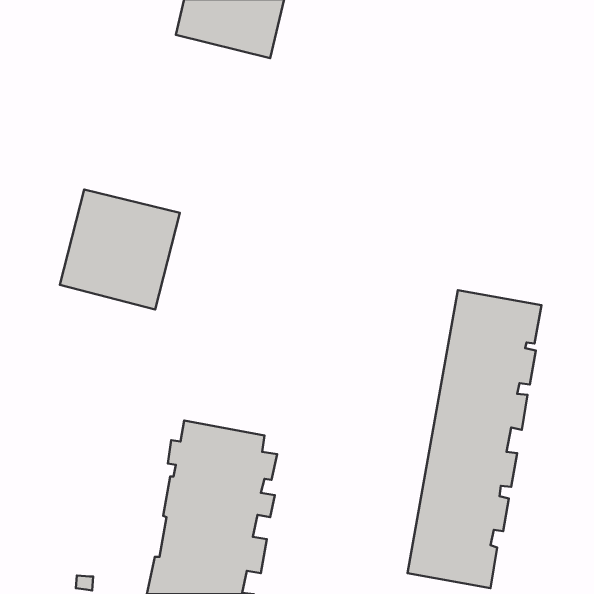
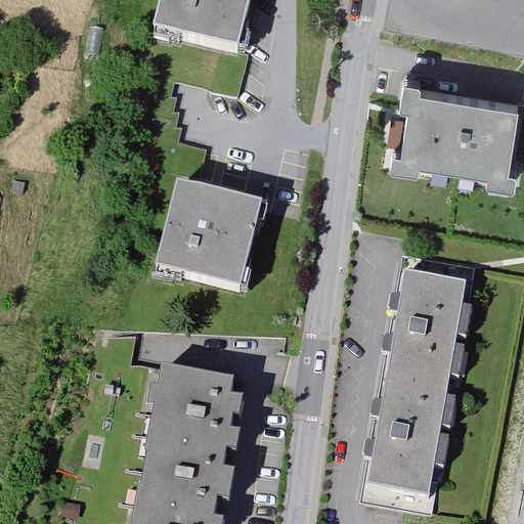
building: none -> [390,77,517,183]
building: [60,189,180,309] -> [156,186,261,292]

